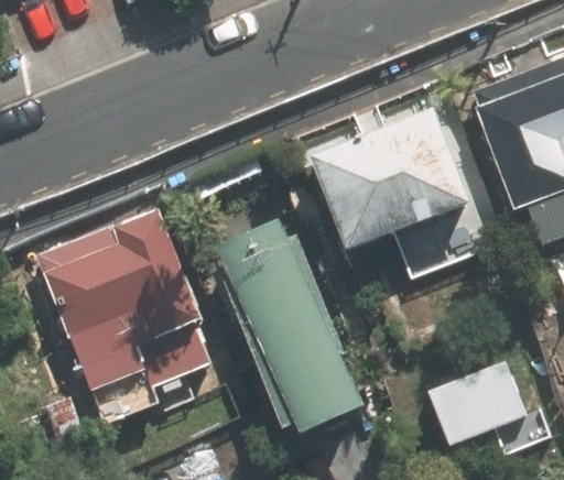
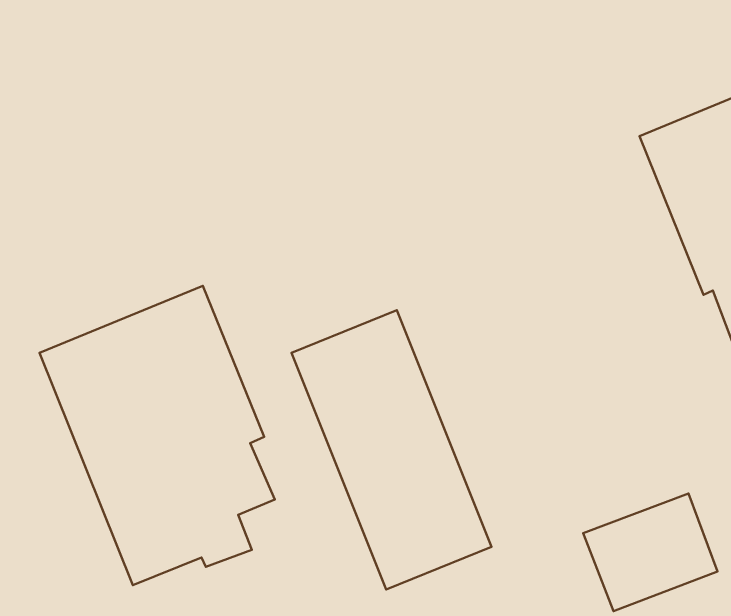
building: [315,110,469,249] -> none

